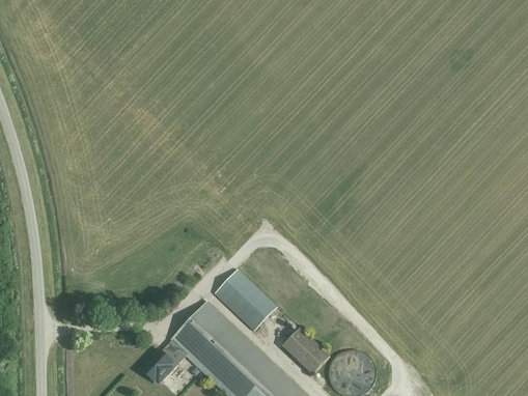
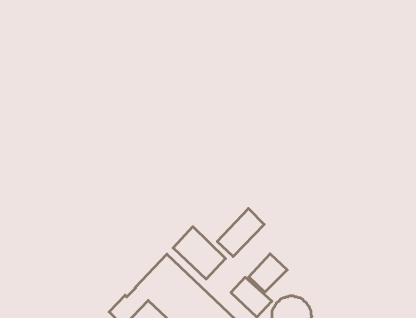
building: none -> [217,208,264,257]
building: none -> [249,254,287,292]

